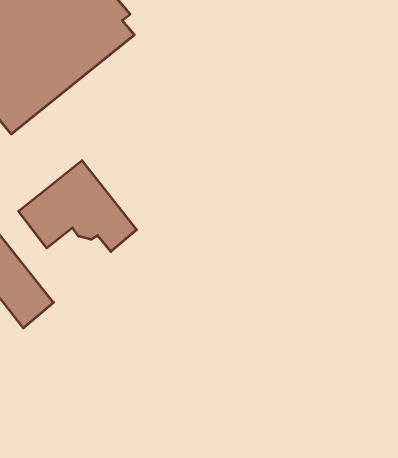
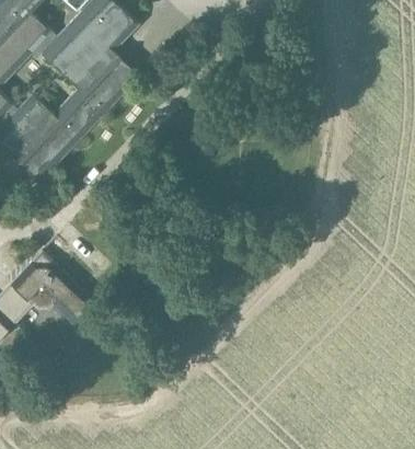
building: [19,161,137,252] -> none

